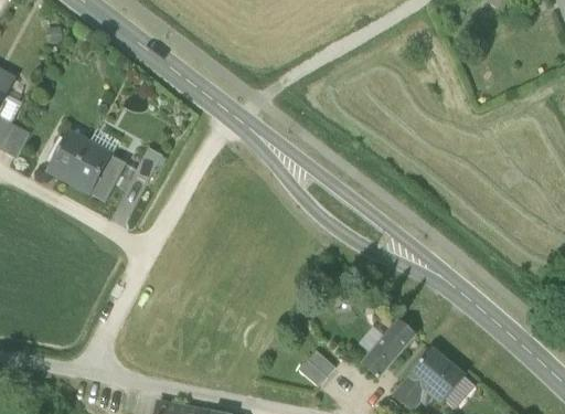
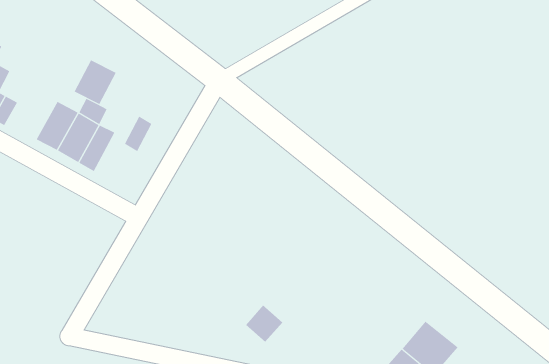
building: none -> [74,60,116,105]
building: [362,320,415,378] -> none
building: [299,349,337,386] -> [245,305,283,343]

